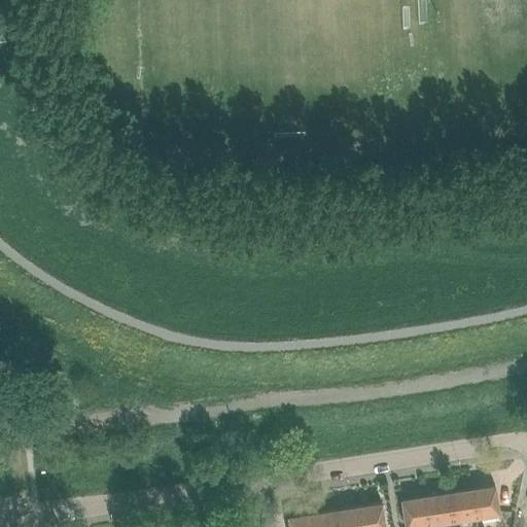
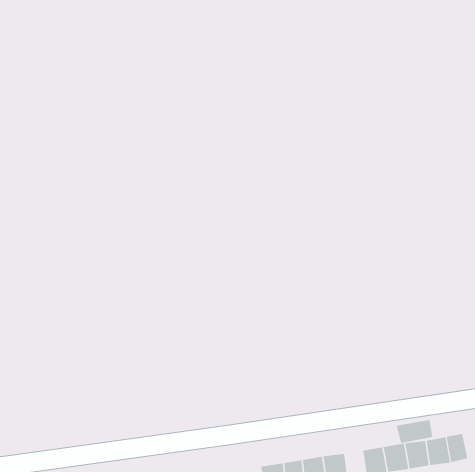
building: none -> [396,419,433,444]
building: none -> [446,433,468,463]

